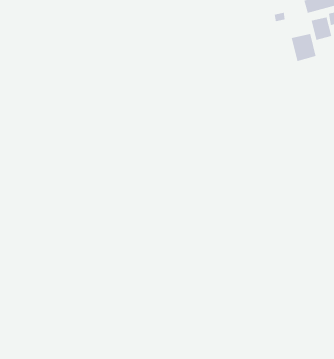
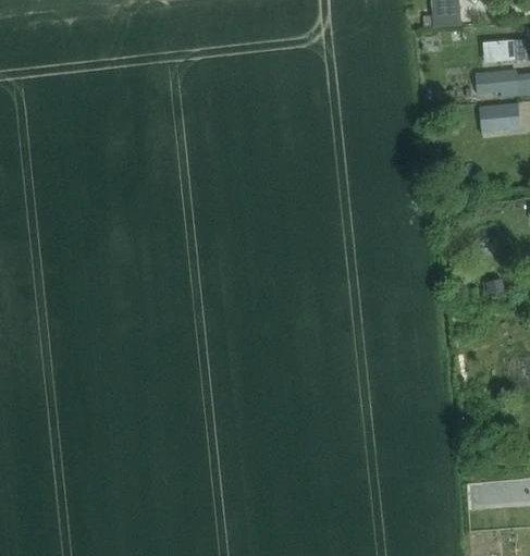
building: [291,33,316,62] -> none

